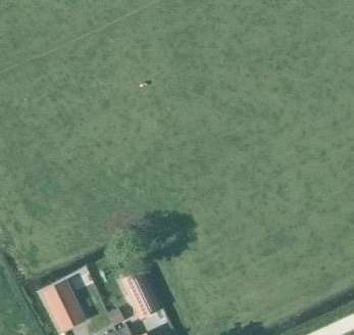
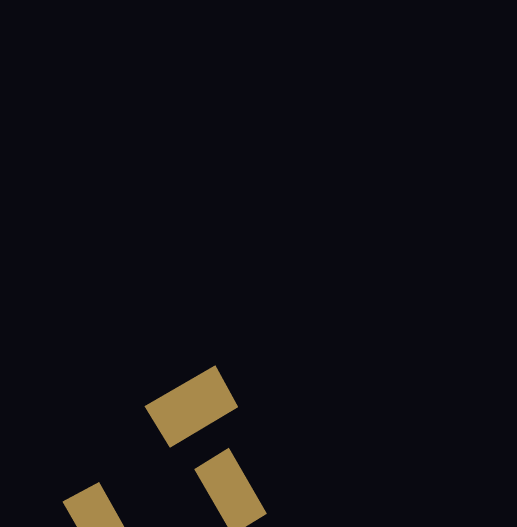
building: none -> [144,364,239,449]

